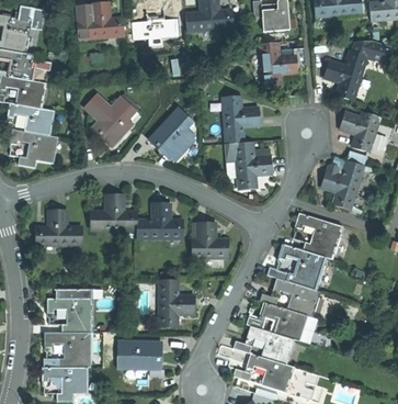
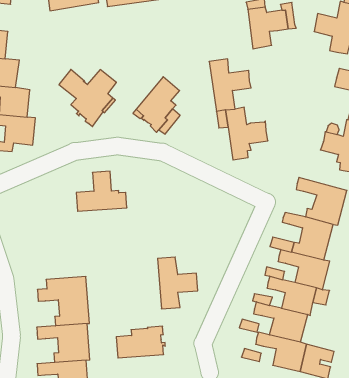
building: [136,201,183,237] -> none
building: [36,211,82,245] -> none
building: [192,221,229,256] -> none

